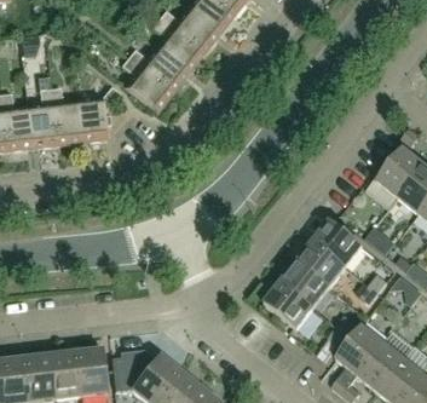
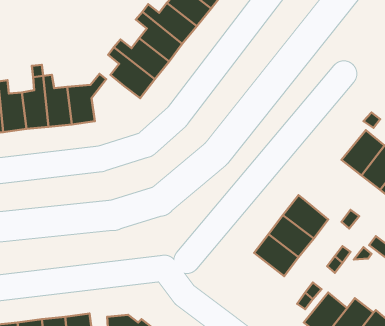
building: [265,283,315,330] -> none

